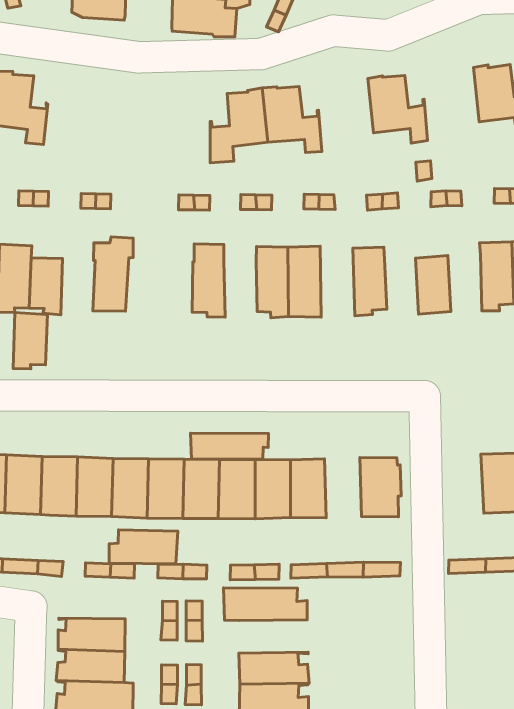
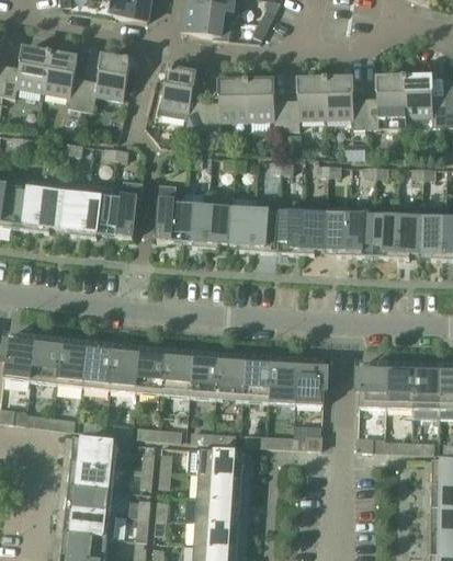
building: none -> [365,77,405,128]
building: none -> [80,56,131,112]
building: none -> [286,79,326,130]
building: none -> [160,68,205,133]
building: none -> [156,185,186,242]
building: none -> [276,201,304,254]
building: none -> [373,215,398,257]
building: none -> [326,214,350,256]
building: none -> [205,206,231,249]
building: [13,312,47,369] -> [83,195,112,238]
building: [191,433,269,459] -> none
building: none -> [358,363,387,408]
building: none -> [269,358,297,403]
building: [109,530,178,564] -> [65,437,117,466]
building: none -> [196,473,249,501]

